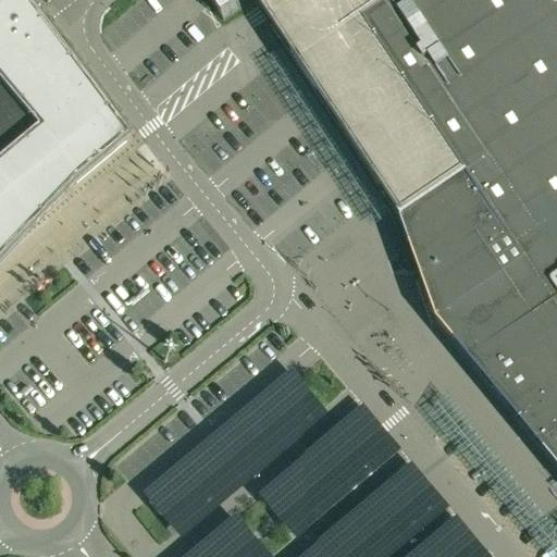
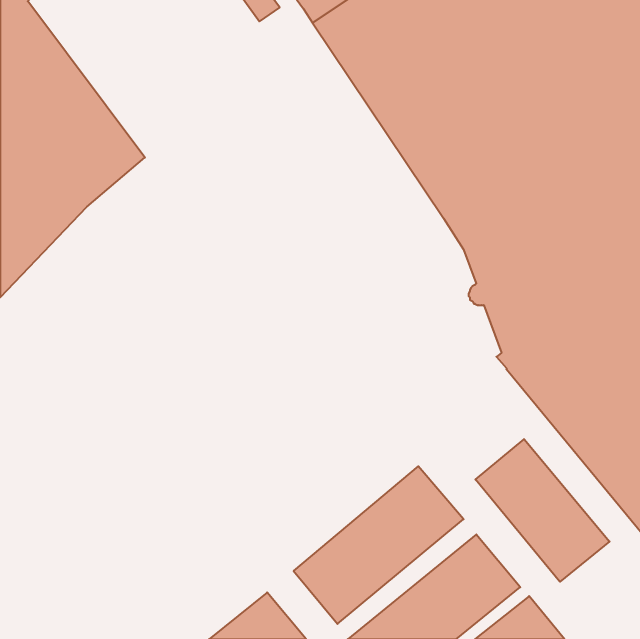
building: [141,367,330,537] -> none
building: none -> [475,439,610,582]

